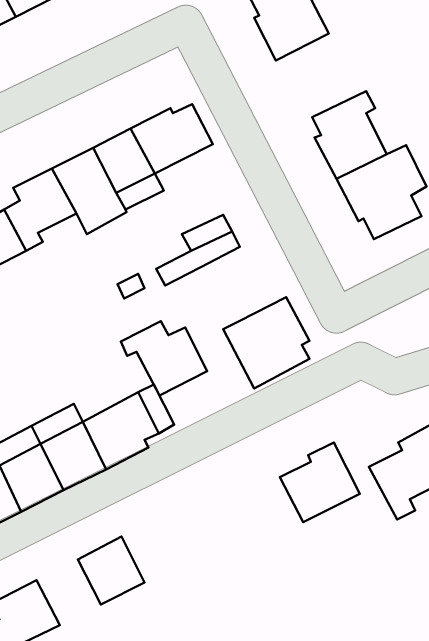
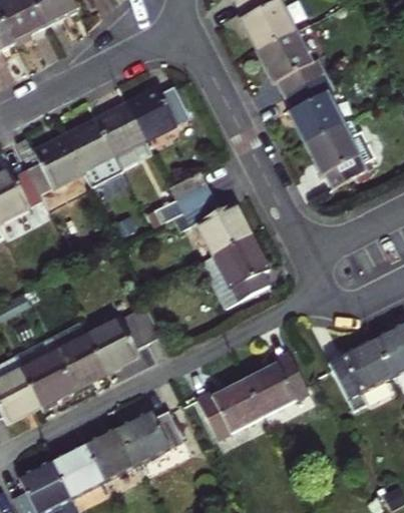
building: none -> [248,31,318,96]
building: [121,321,207,396] -> [188,197,256,255]
building: none -> [203,377,269,435]
building: none -> [127,404,194,459]
building: none -> [61,441,111,492]

